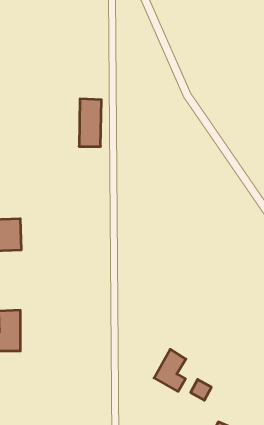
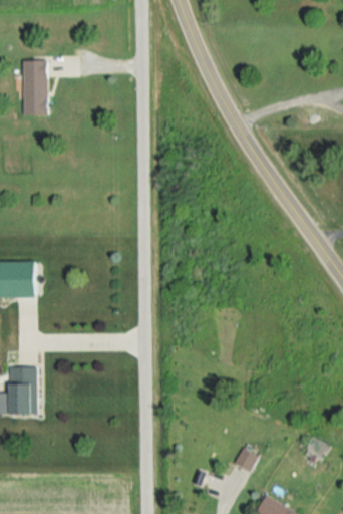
building: [79,99,101,146] -> [22,59,48,114]
building: [154,349,186,391] -> none

